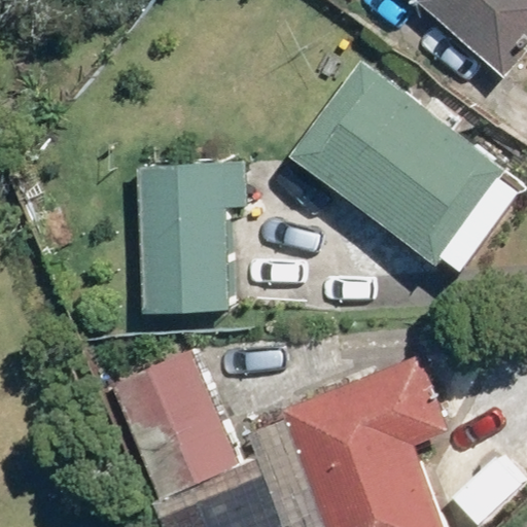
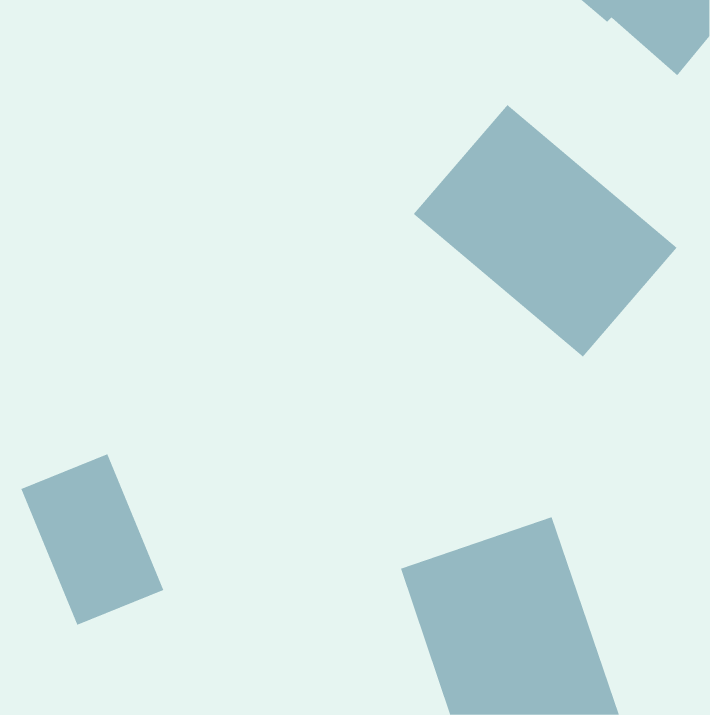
building: [136,168,245,306] -> none
building: [114,357,219,483] -> [20,454,164,625]

